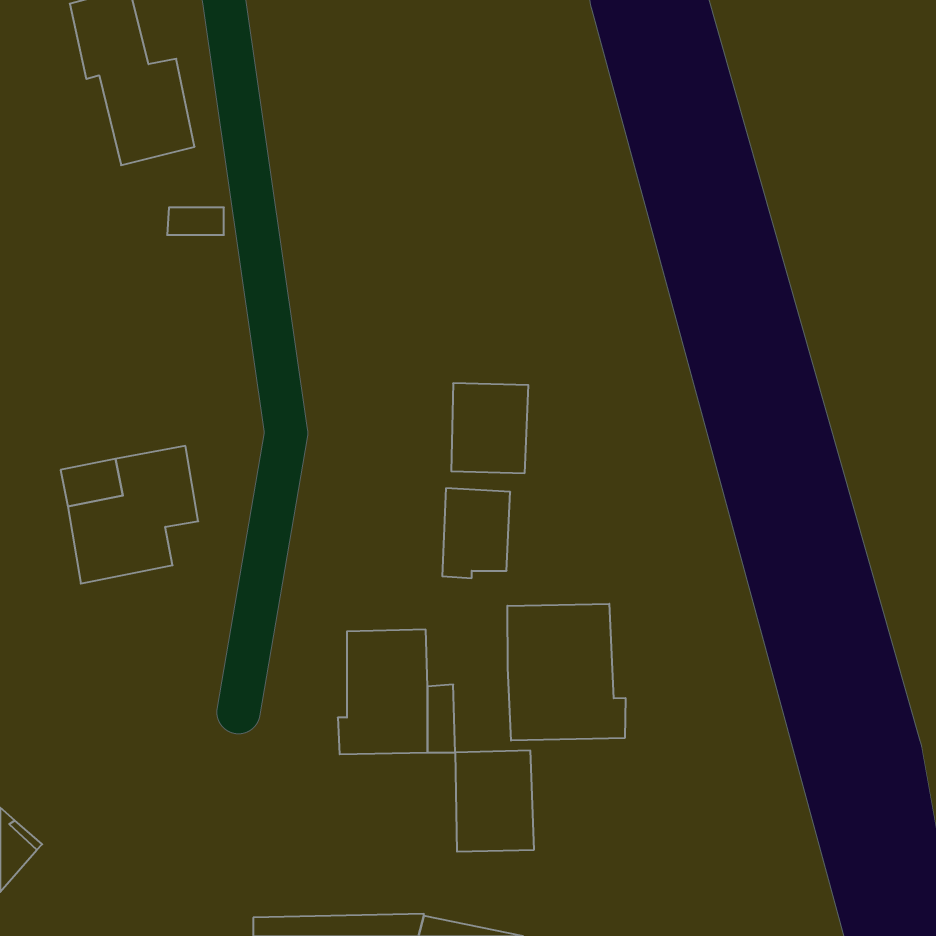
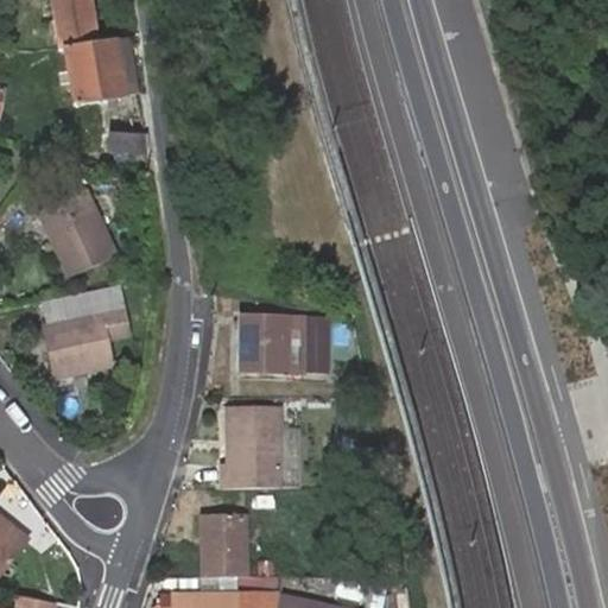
building: none -> [42,192,118,279]
building: [451,383,528,473] -> [240,315,290,373]
building: [507,604,625,741] -> none
building: [455,751,534,852] -> [196,513,247,578]

